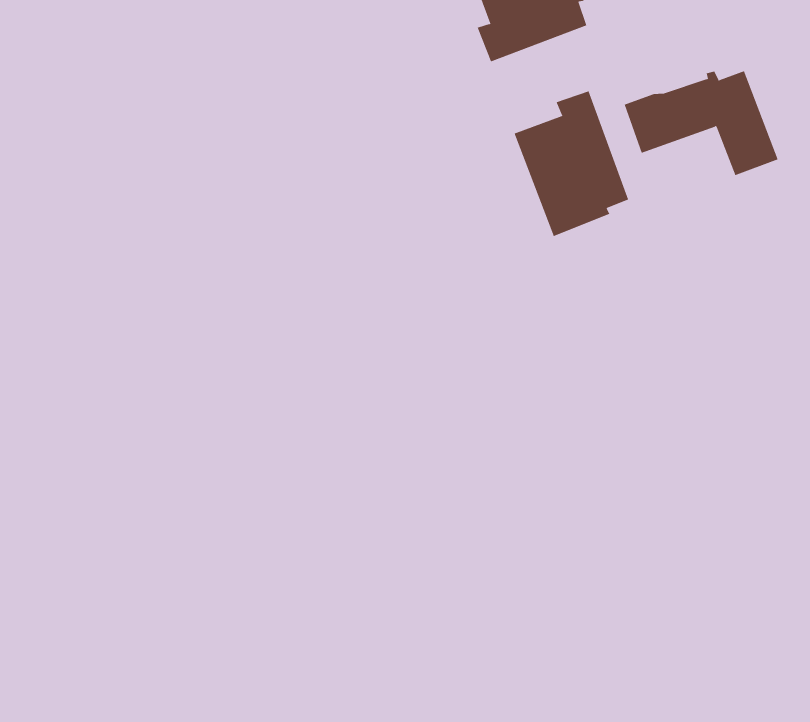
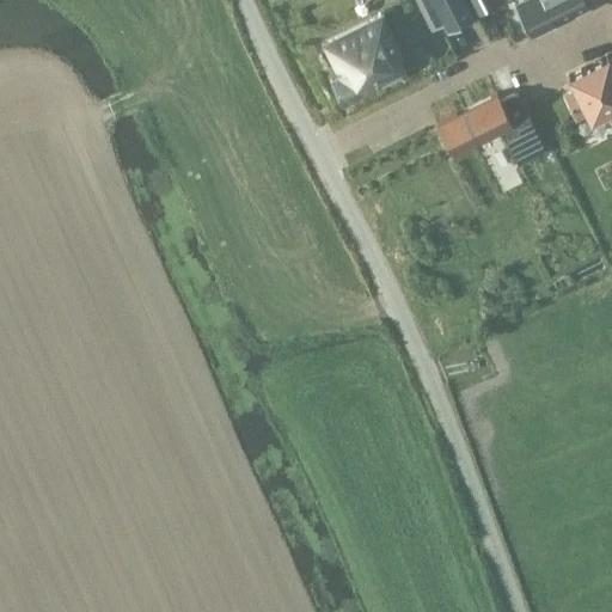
building: [514,90,629,237] -> none

